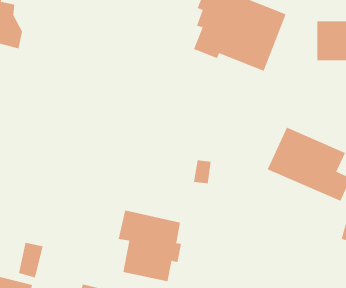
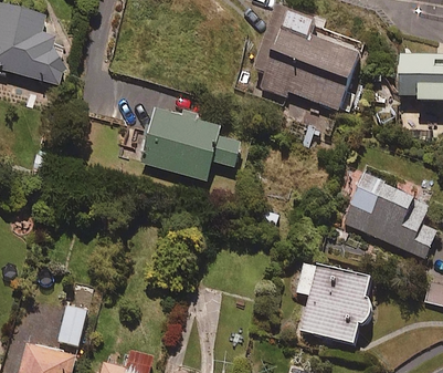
building: none -> [140,107,242,182]
building: [118,210,182,282] -> [296,260,369,342]

